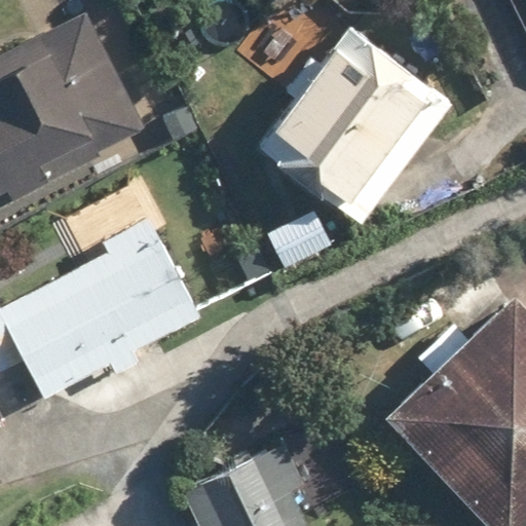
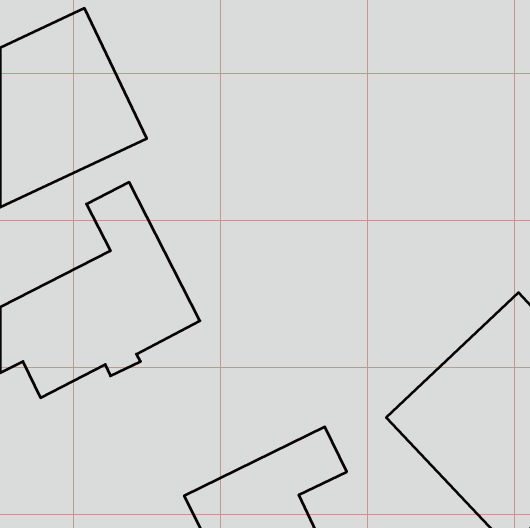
building: [262,30,448,219] -> none

